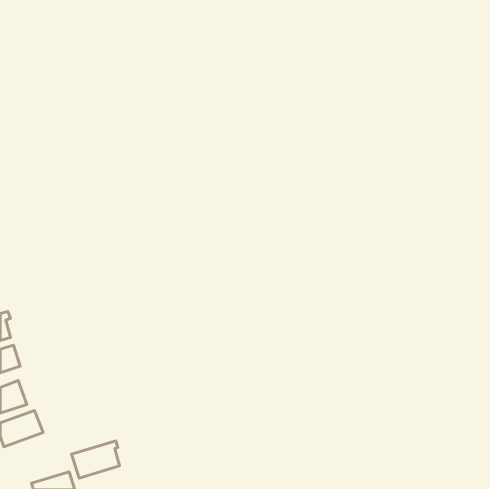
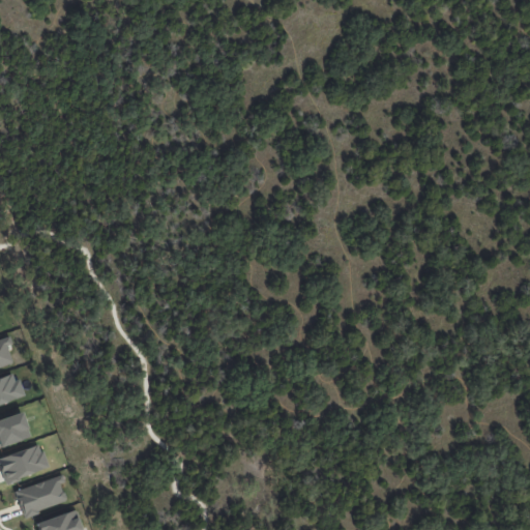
building: [72,441,120,478] -> [13,476,65,517]

